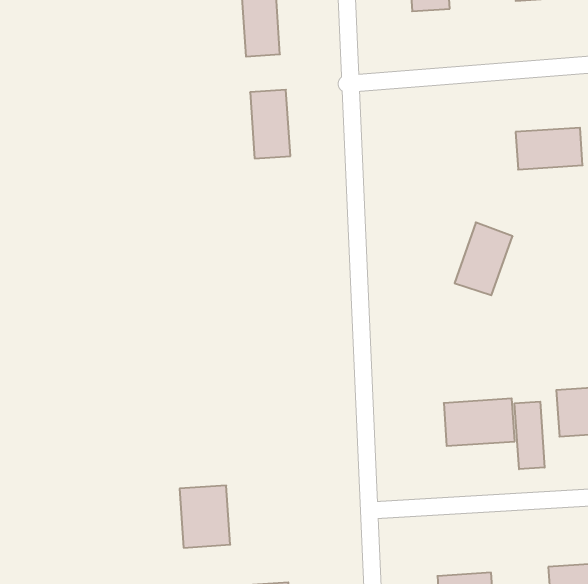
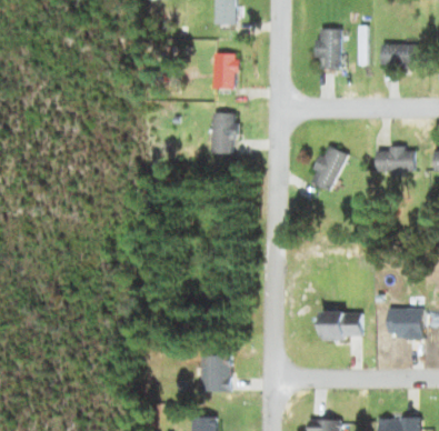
building: [455,222,513,295] -> [310,144,348,190]
building: [515,402,545,469] -> none
building: [180,486,230,548] -> [202,354,231,391]

